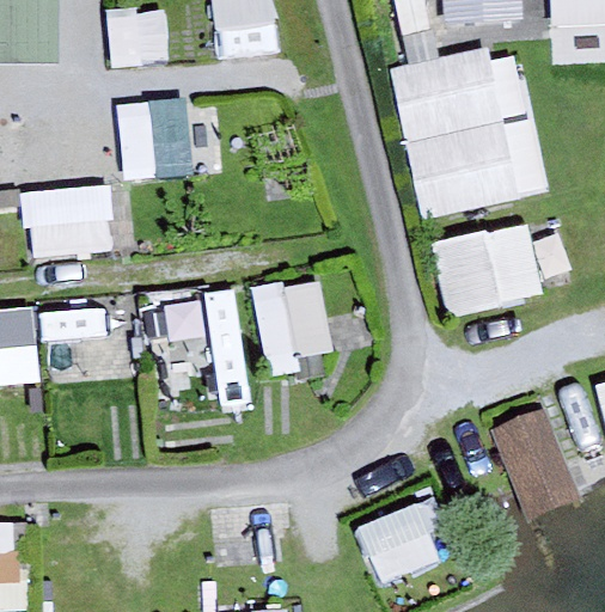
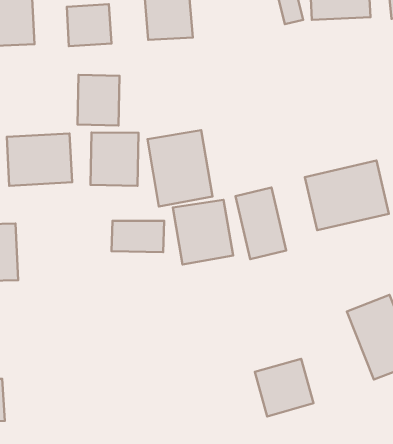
building: [397,48,539,213] -> none
building: none -> [147,130,212,207]
building: none -> [90,133,139,186]
building: none -> [235,188,286,259]

